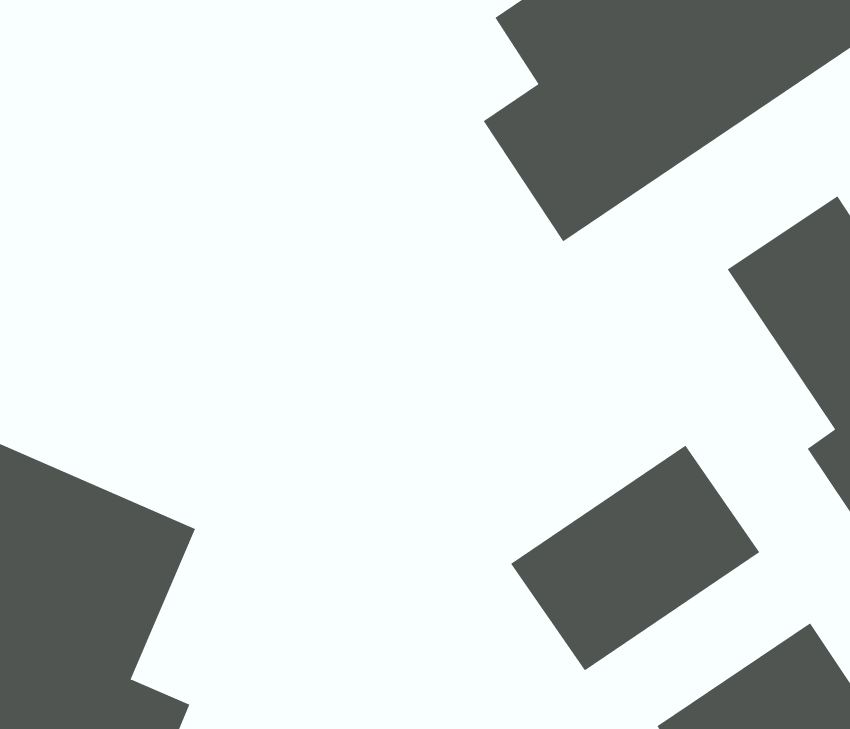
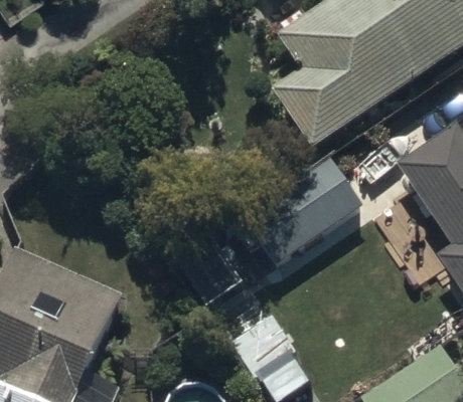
building: [510,445,760,671] -> [241,156,369,272]

